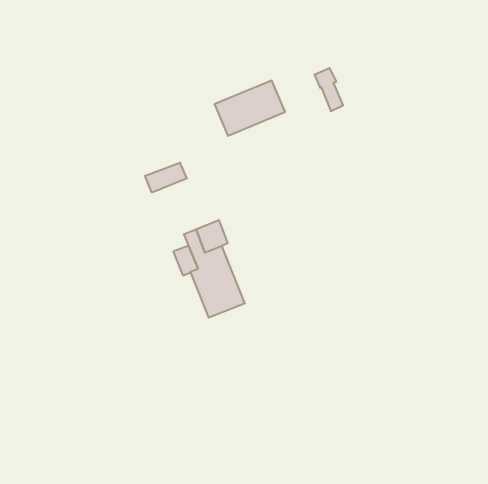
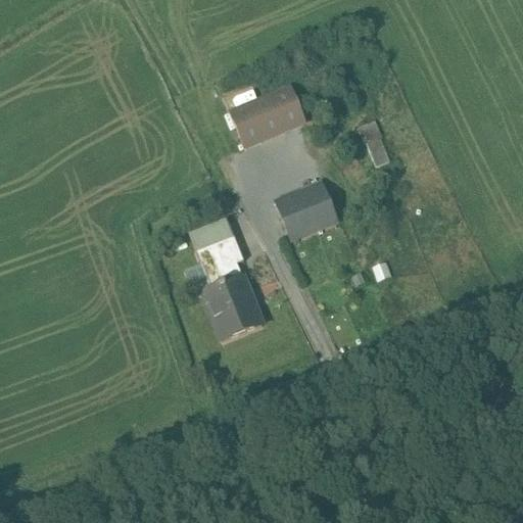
building: [314,68,343,111] -> [359,120,389,165]
building: [145,163,187,192] -> [190,219,235,250]
building: none -> [276,181,337,238]

